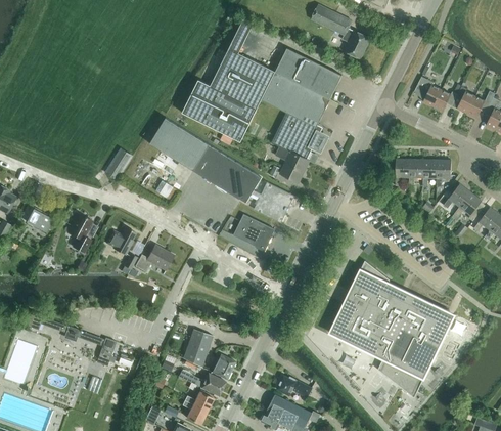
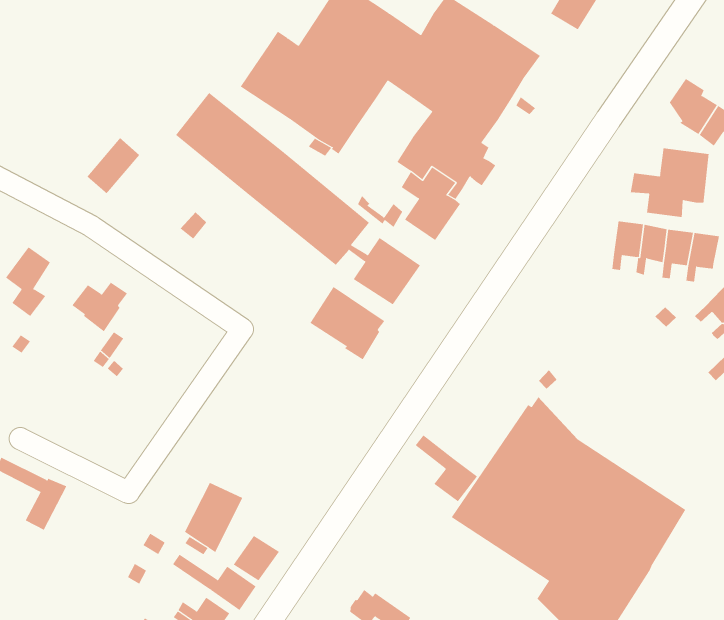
building: none -> [630,148,709,218]
building: [135,245,174,271] -> none
building: none -> [415,434,478,502]

